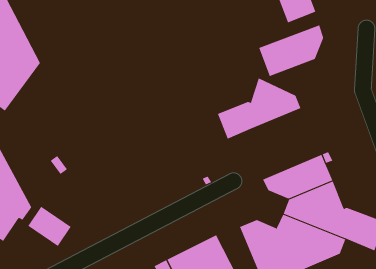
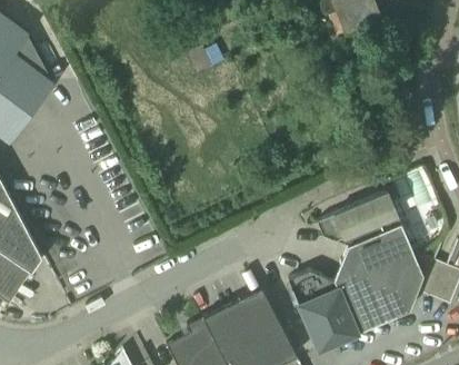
building: [259,25,324,77] -> none
building: [217,78,301,140] -> none
building: [28,206,71,247] -> none

